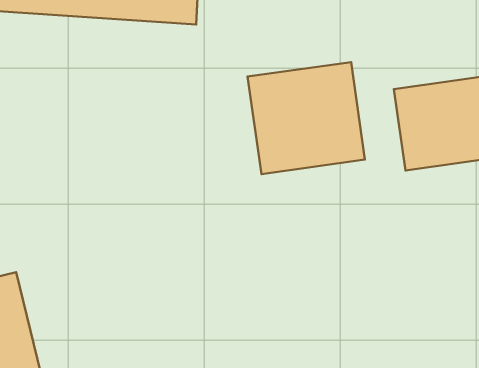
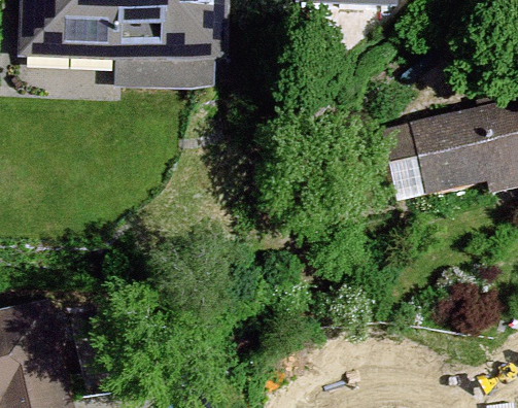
building: [248,62,365,174] -> none

